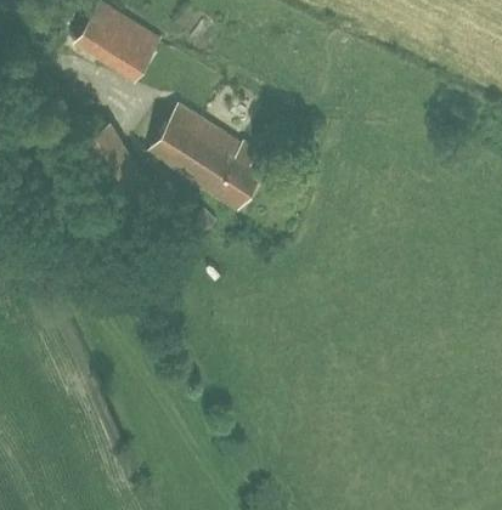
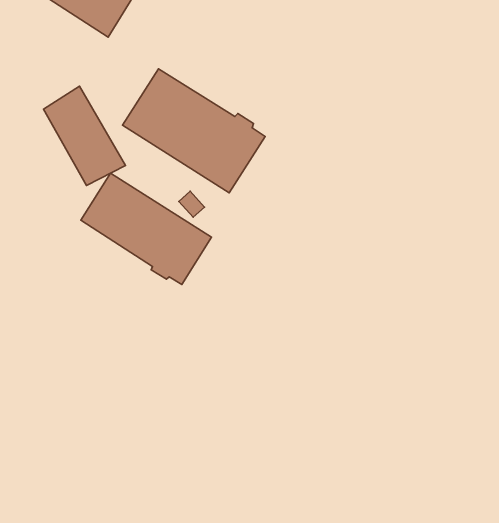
building: none -> [81,173,211,284]

